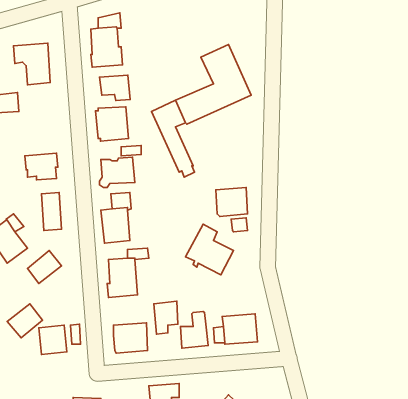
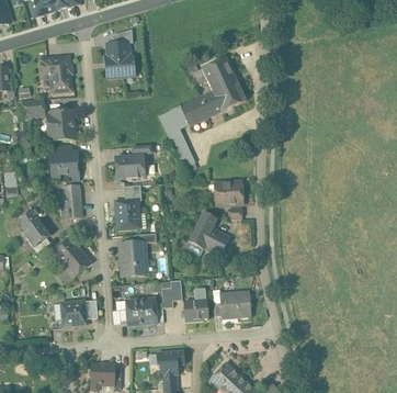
building: [99,75,130,101] -> none
building: [96,107,128,141] -> [47,111,76,141]
building: [7,304,43,338] -> [61,249,92,279]

